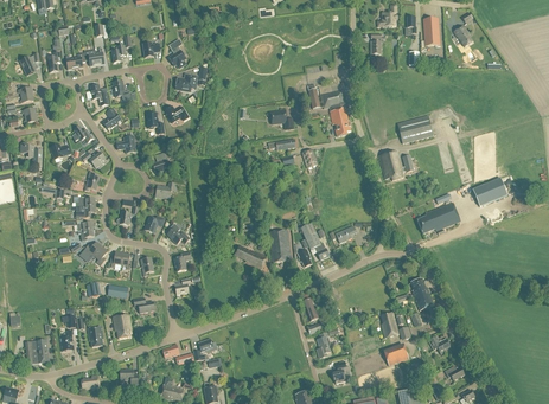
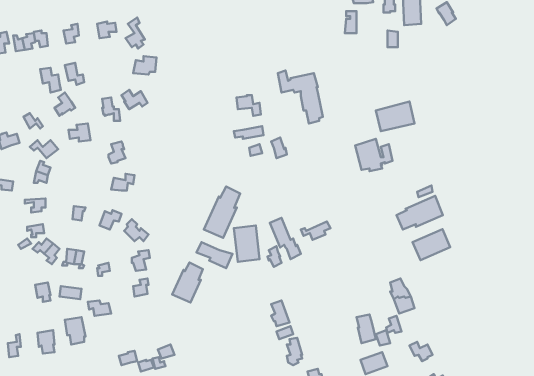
building: [472,178,506,206] -> [413,229,450,260]
building: none -> [204,187,240,238]
building: none -> [172,263,203,302]

